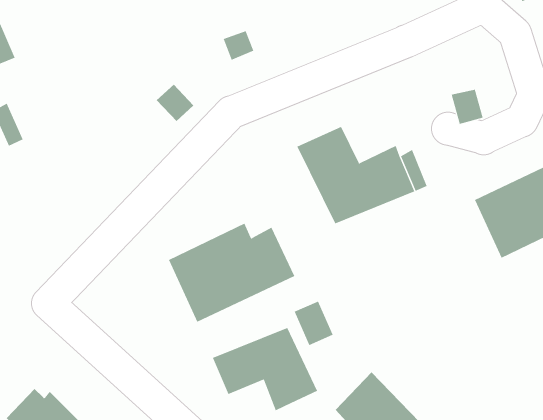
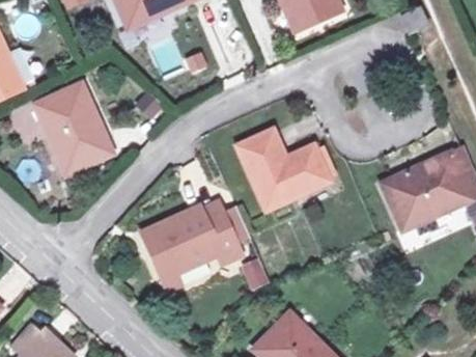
building: none -> [33,80,110,169]
building: [212,327,318,411] -> none

